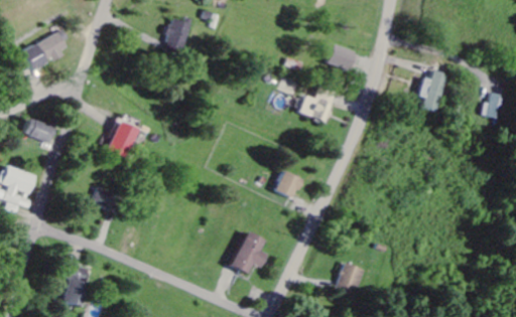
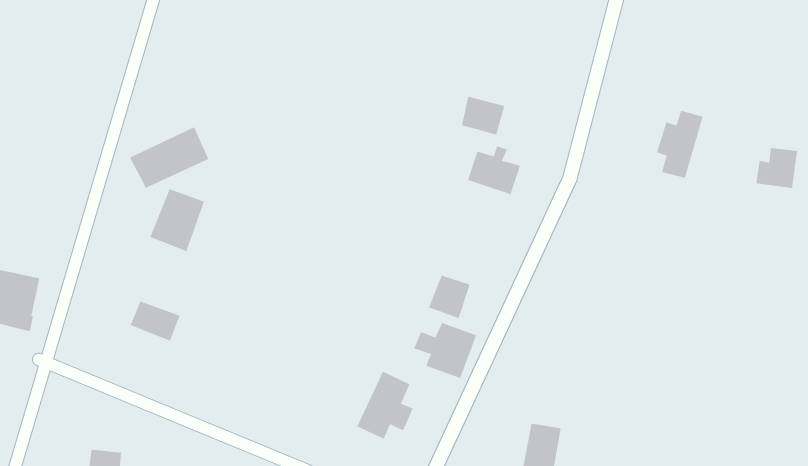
building: [162,17,189,48] -> none
building: [21,30,71,68] -> [129,126,209,188]
building: [330,44,357,68] -> [461,96,505,135]
building: [23,118,55,143] -> none
building: none -> [413,322,477,379]

